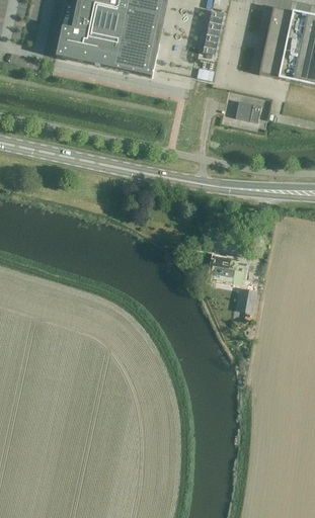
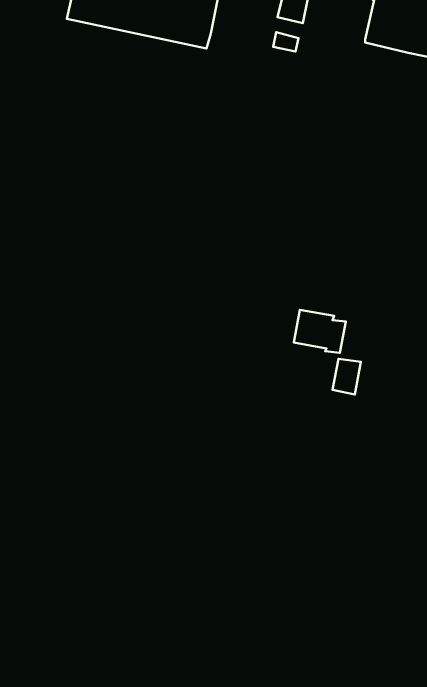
building: [235,99,261,120] -> none

